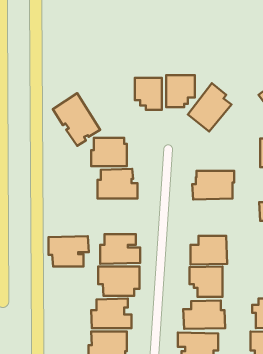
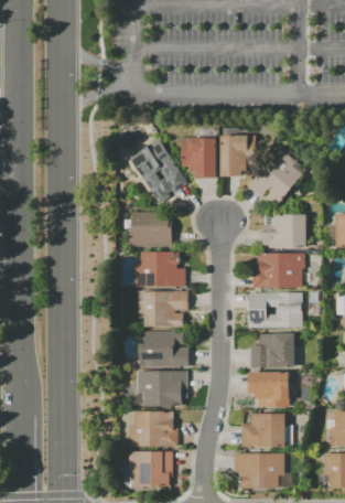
building: [53,93,100,146] -> [129,138,187,203]
building: none -> [262,214,309,249]
building: none -> [248,292,303,328]
building: [49,236,89,267] -> [139,290,188,328]

